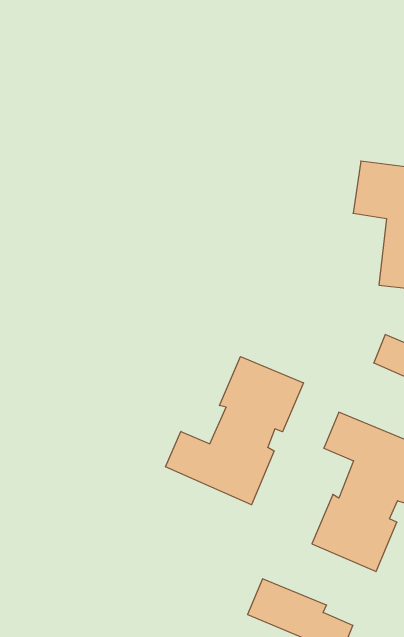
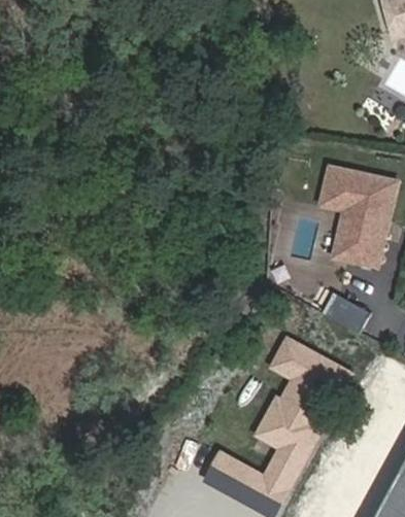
building: [166,357,303,505] -> none
building: none -> [265,448,306,496]

